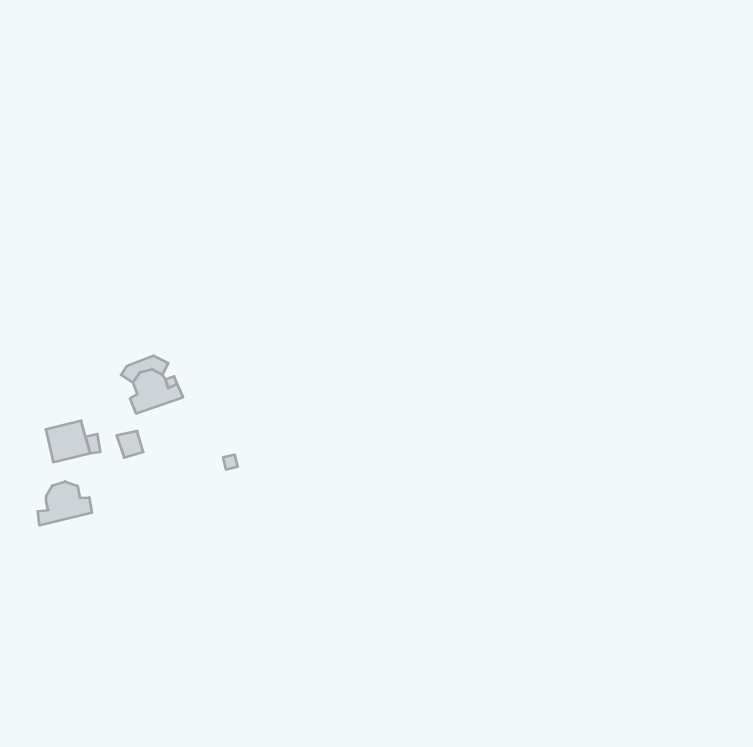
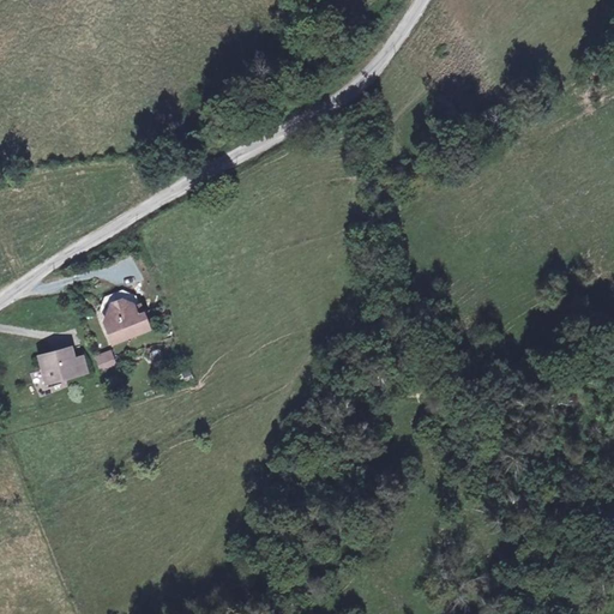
building: [38,481,92,525] -> none

